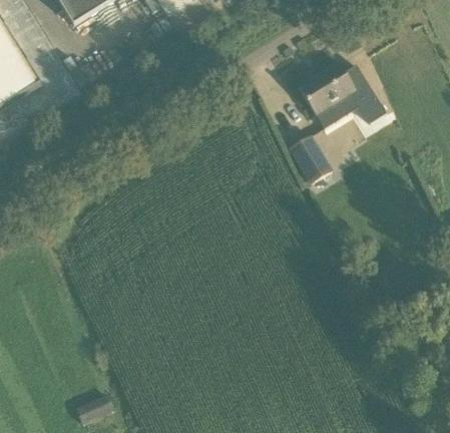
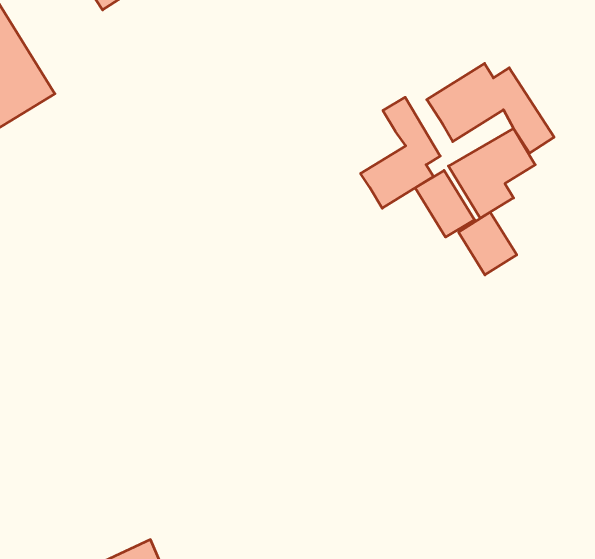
building: none -> [361,97,440,208]
building: none -> [459,212,517,275]

